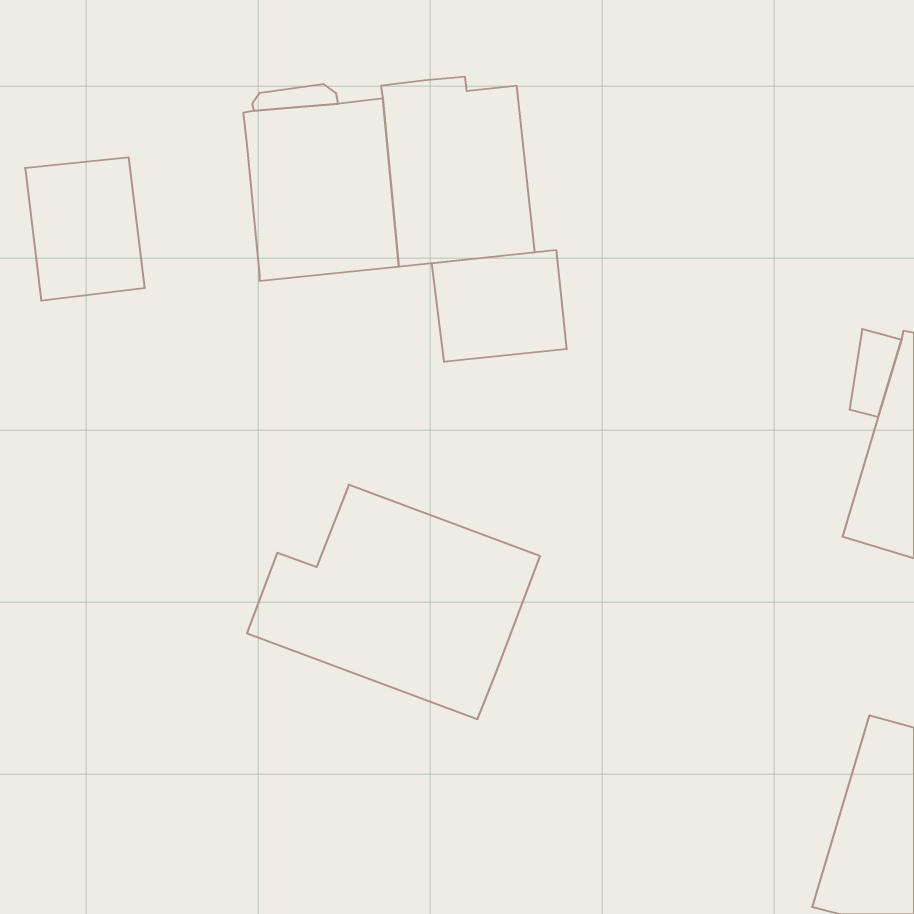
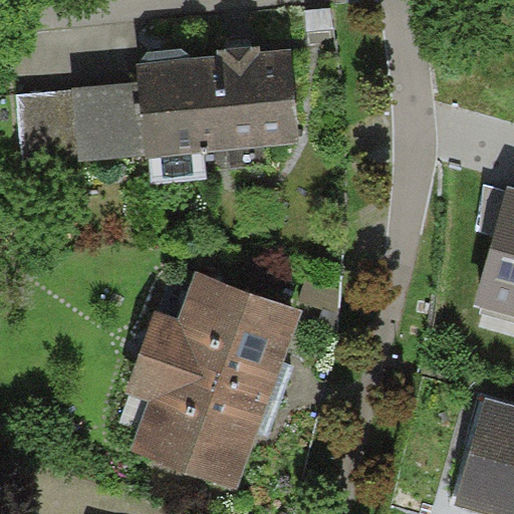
building: none -> [72,81,146,162]
building: [432,250,567,362] -> none
building: none -> [124,355,268,492]

